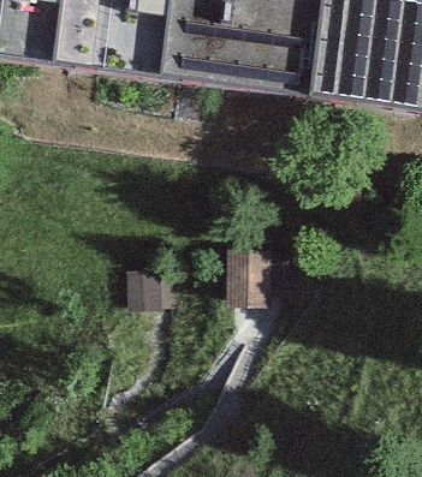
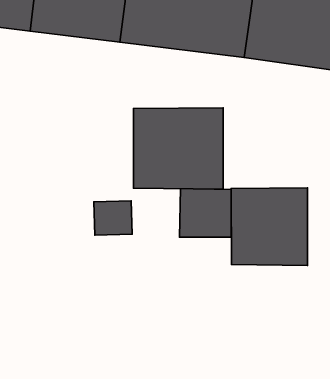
building: none -> [133,108,223,189]
building: none -> [231,188,308,265]

